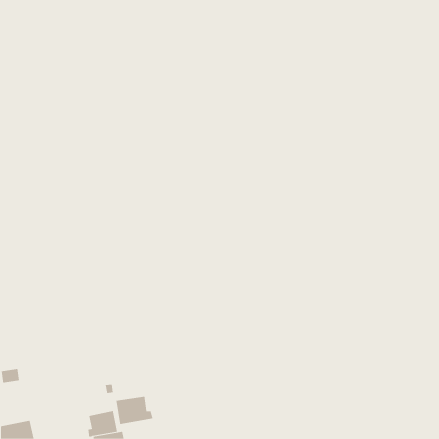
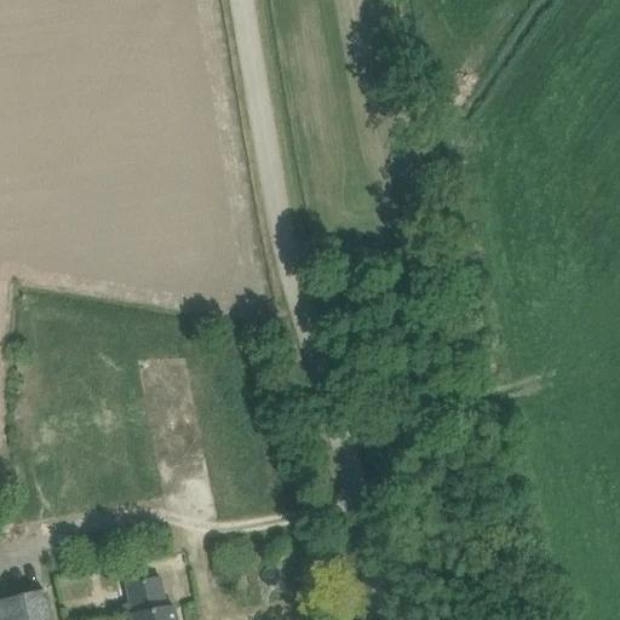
building: [116,396,153,425] -> none

